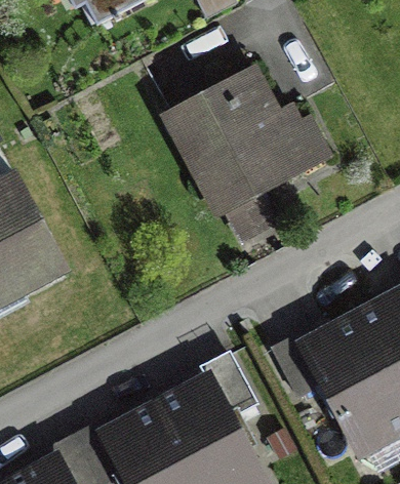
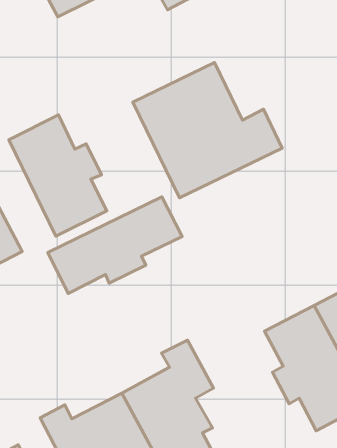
building: none -> [9,115,107,236]
building: none -> [48,197,182,293]

